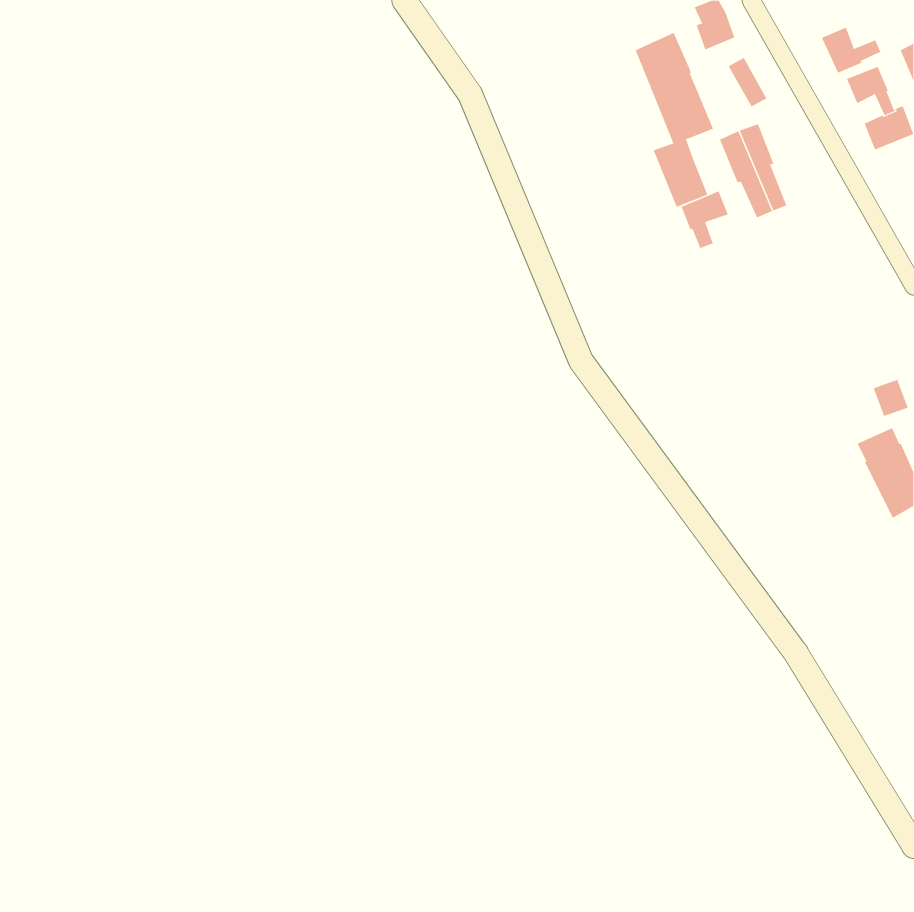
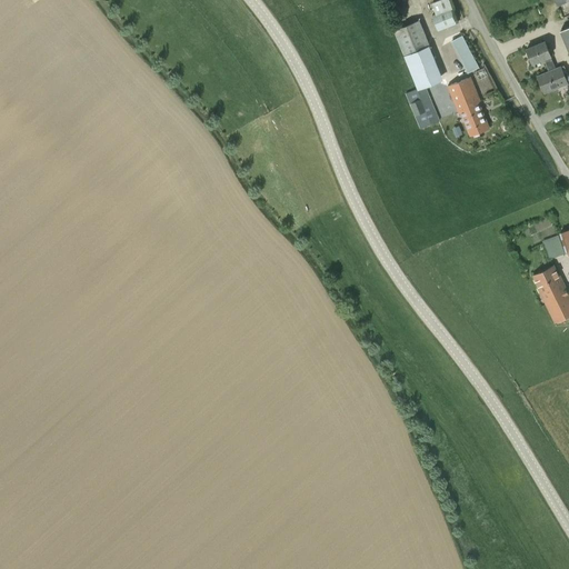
building: [821,27,881,73] -> none
building: [681,190,728,249] -> none

